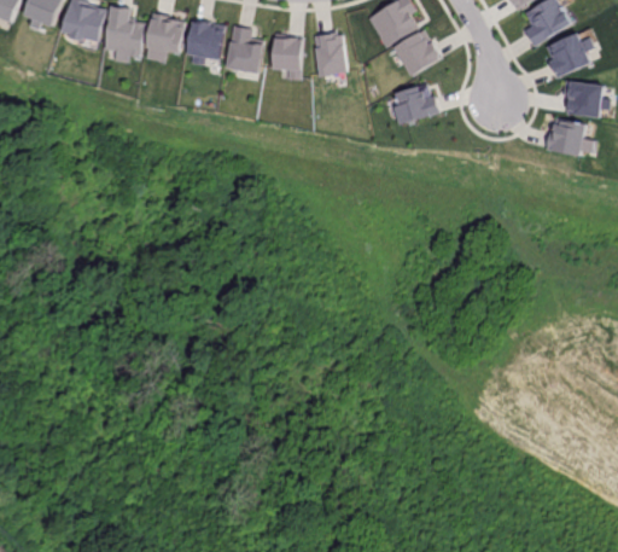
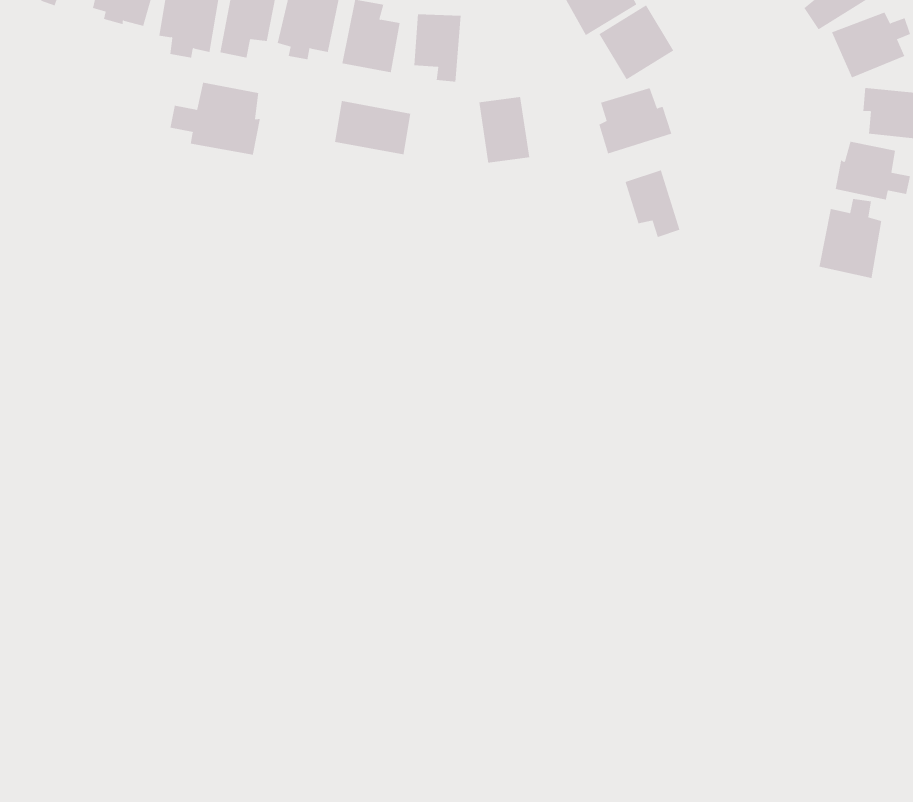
building: [313,31,346,75] -> [478,97,530,163]
building: none -> [170,82,261,155]
building: none -> [334,100,411,155]
building: none -> [625,169,680,238]
building: none -> [819,198,882,279]

